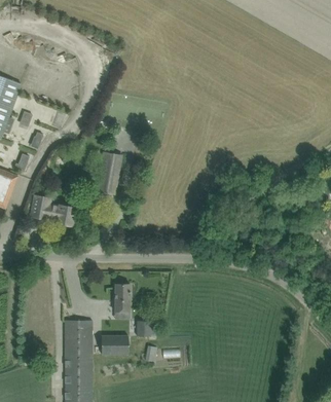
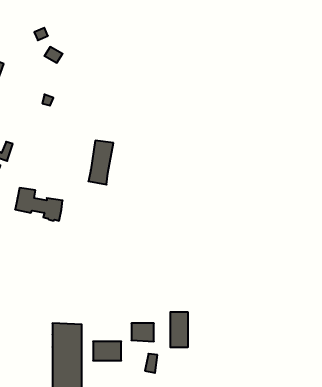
building: [114,285,130,312] -> none
building: none -> [170,312,188,347]

